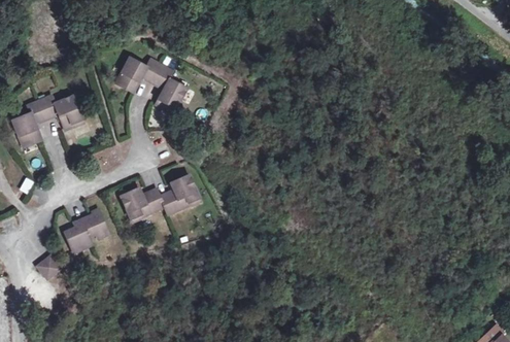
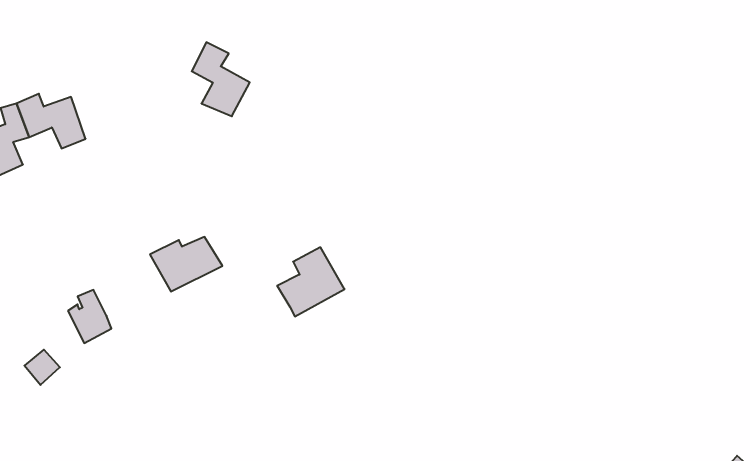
building: [114,57,157,89] -> none
building: [159,167,202,211] -> [277,247,345,316]
building: [84,210,110,240] -> none

